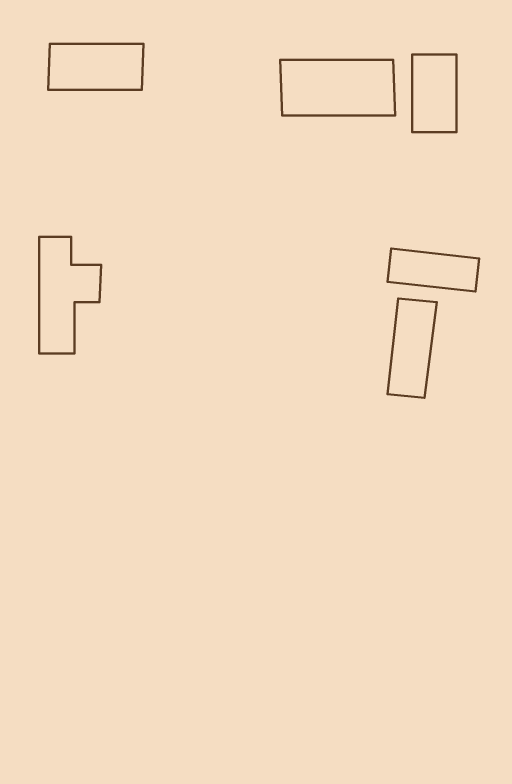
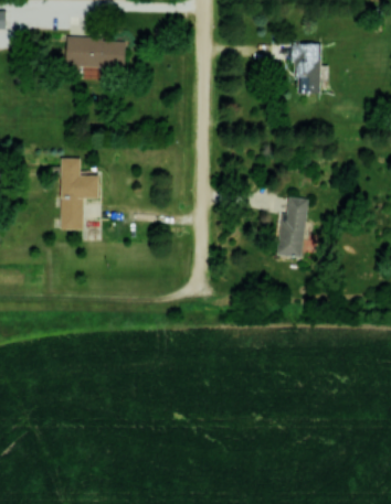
building: [280,60,395,115] -> none
building: [388,249,479,292] -> none

